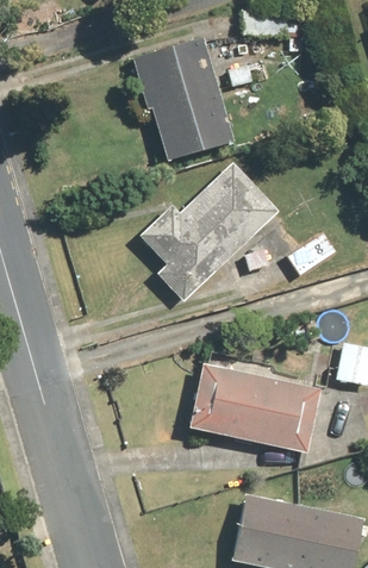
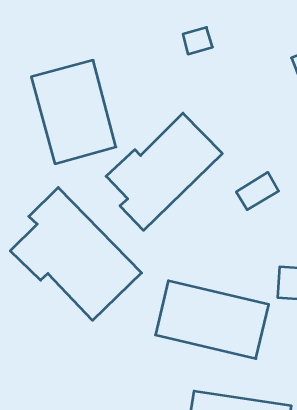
building: [130,35,232,160] -> [31,60,116,164]
building: none -> [10,187,142,320]

